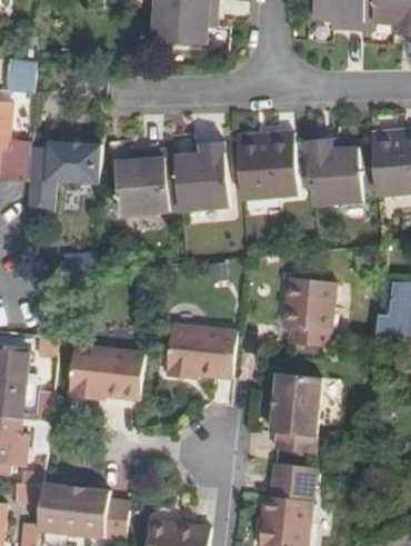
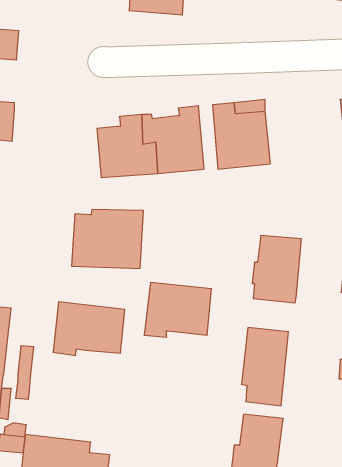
building: [308,139,360,203] -> none
building: [29,142,103,203] -> [72,210,143,268]

